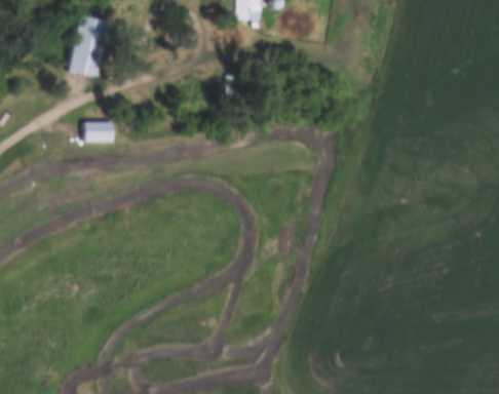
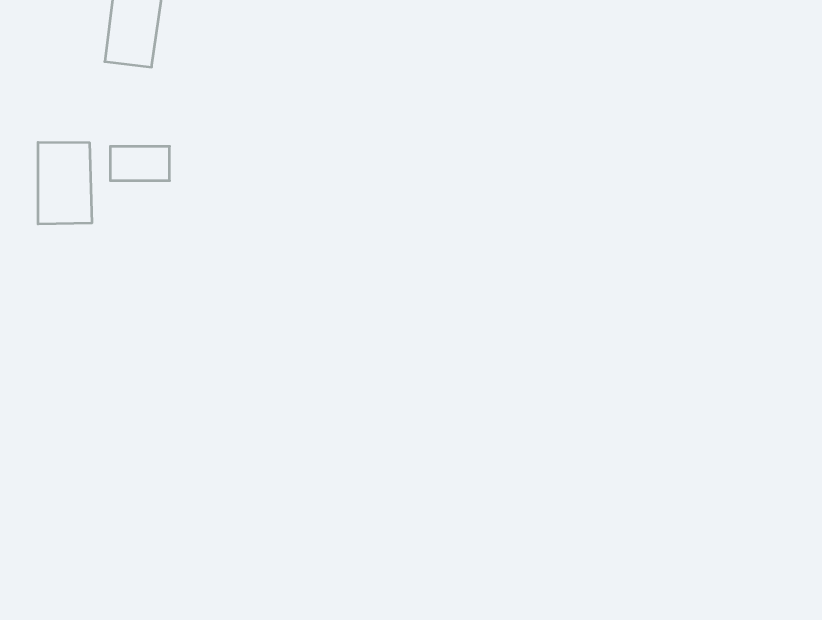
building: none -> [38,142,92,224]

